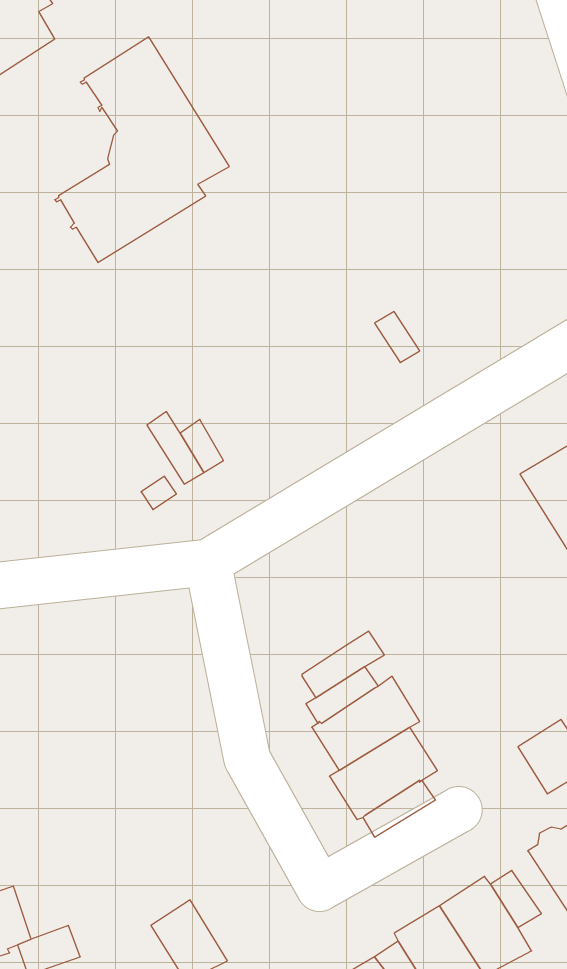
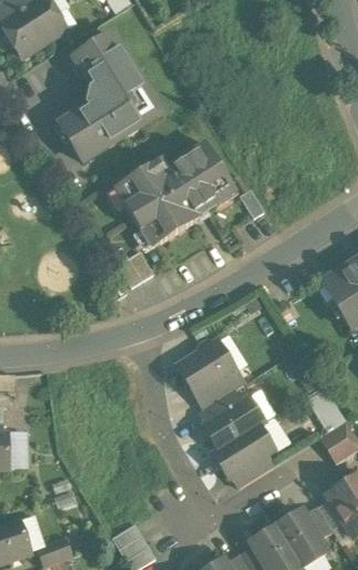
building: none -> [113,142,230,246]
building: none -> [176,341,233,395]

